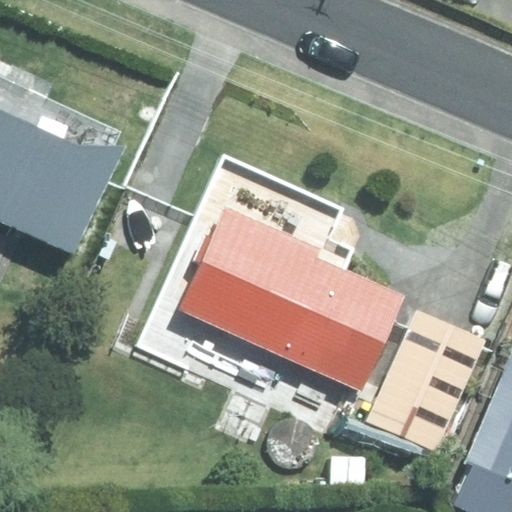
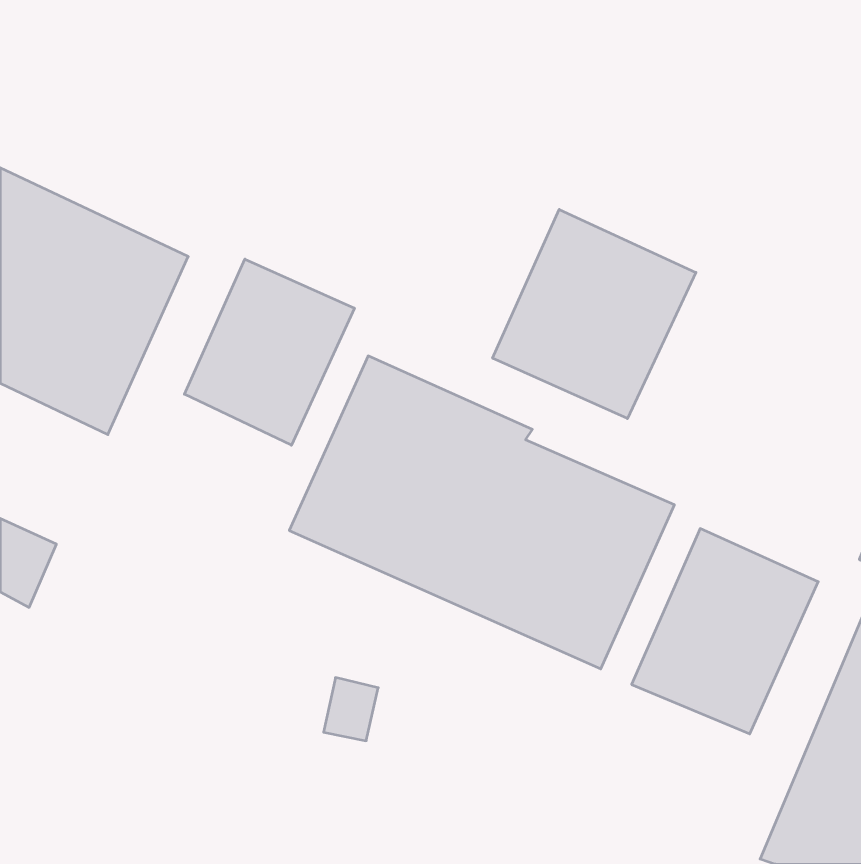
building: none -> [493,209,696,419]
building: none -> [184,259,354,445]

